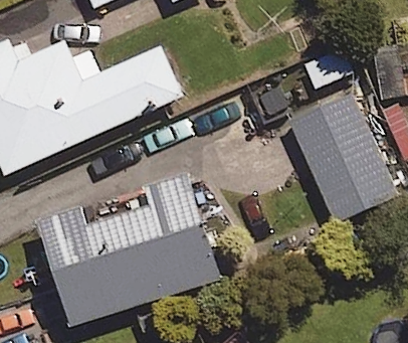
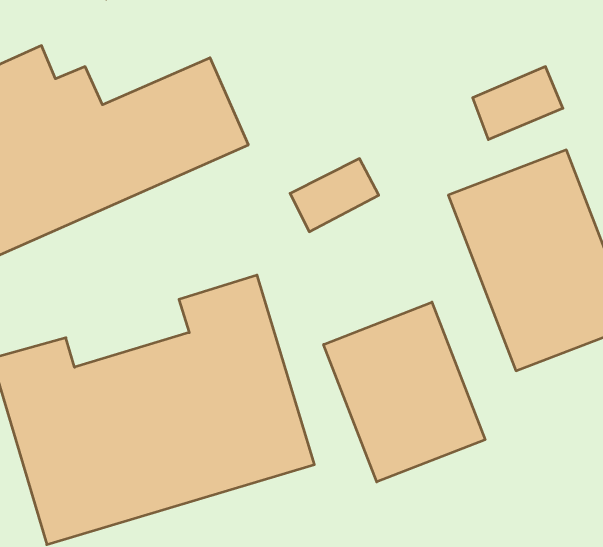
building: none -> [324,302,485,482]

